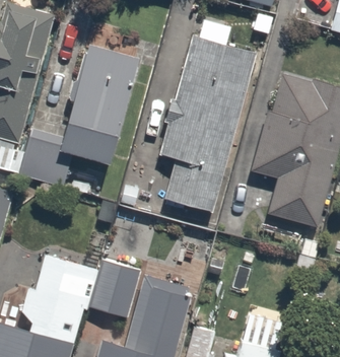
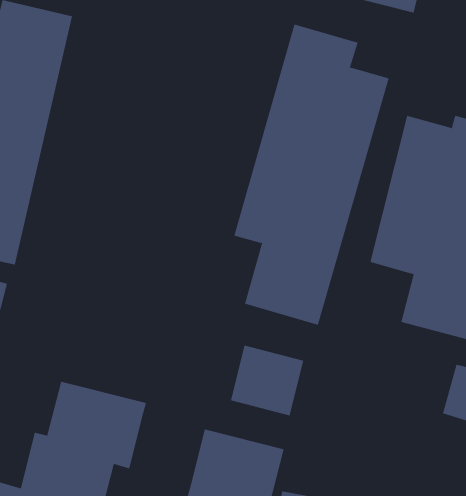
building: [18,46,136,194] -> none
building: [90,273,139,319] -> [230,345,304,416]

